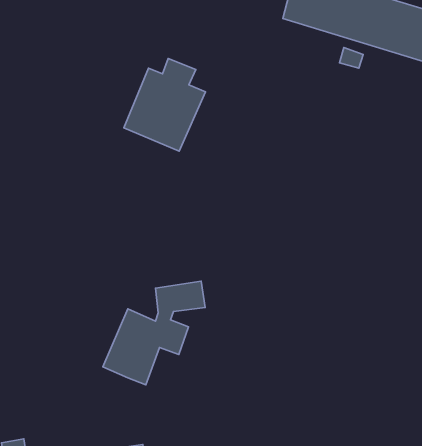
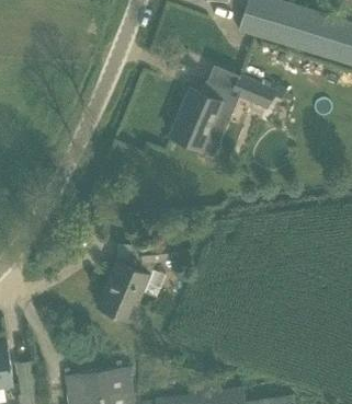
building: [124,59,205,151] -> [170,81,235,154]
building: none -> [234,76,276,107]

